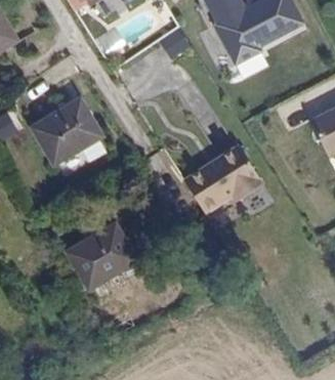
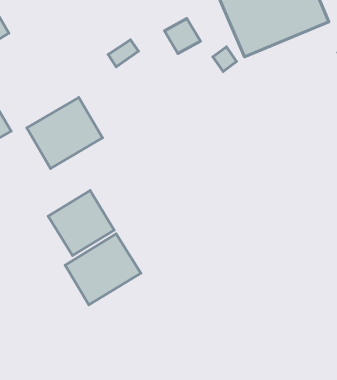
building: [186,144,262,213] -> none
building: none -> [48,190,114,256]

